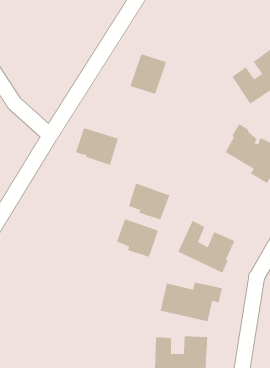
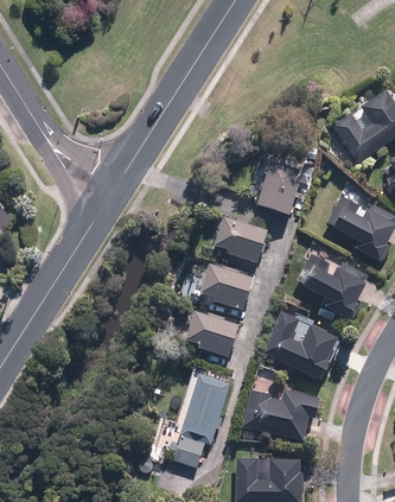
building: [130,53,167,94] -> [257,161,305,214]
building: [75,127,119,166] -> [208,216,263,265]
building: none -> [294,252,372,318]
building: none -> [170,370,229,469]

